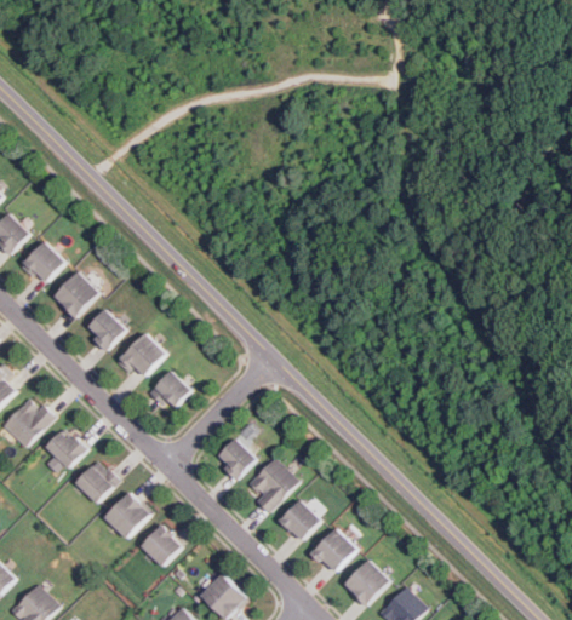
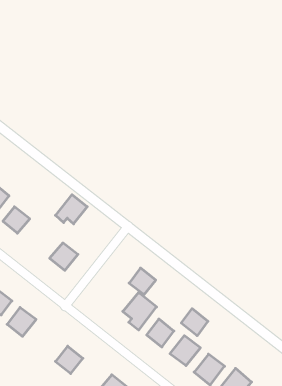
building: [116,333,165,377] -> [55,195,87,224]
building: [214,437,254,477] -> [129,268,156,294]
building: none -> [181,309,208,336]
building: [103,492,149,538] -> none

